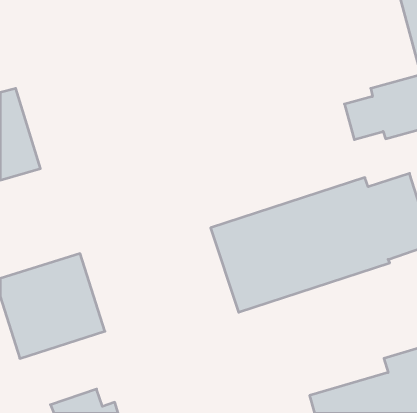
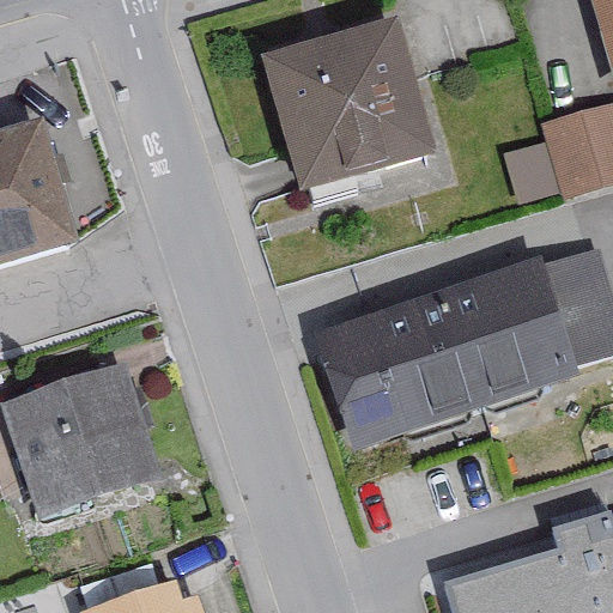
building: none -> [271,23,438,186]

